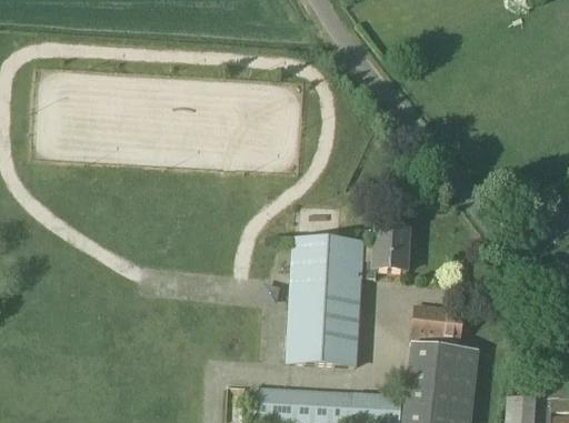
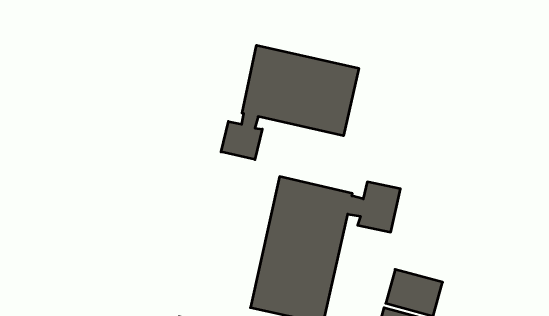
building: none -> [221,45,359,160]

